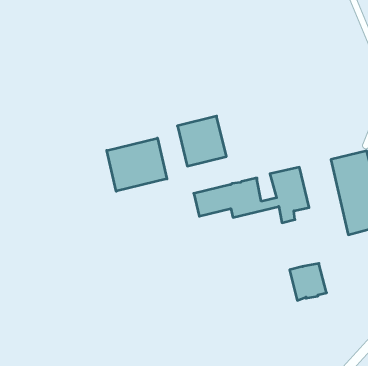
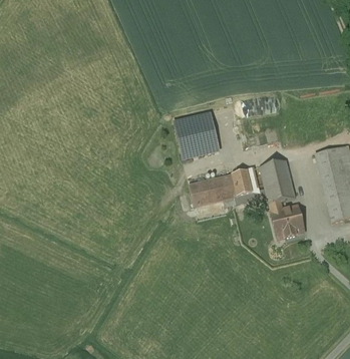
building: [107,138,167,191] -> none
building: [290,263,327,300] -> [270,205,304,239]

